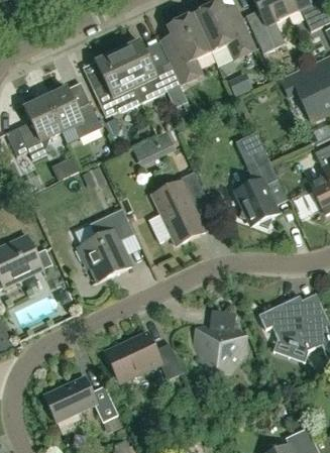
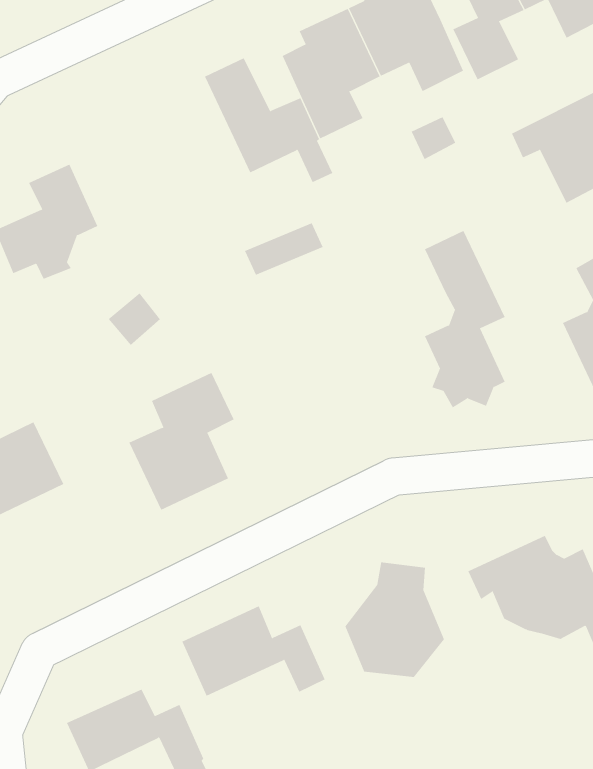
building: [93,50,142,115] -> none
building: [46,88,102,137] -> none
building: [148,171,207,244] -> none

